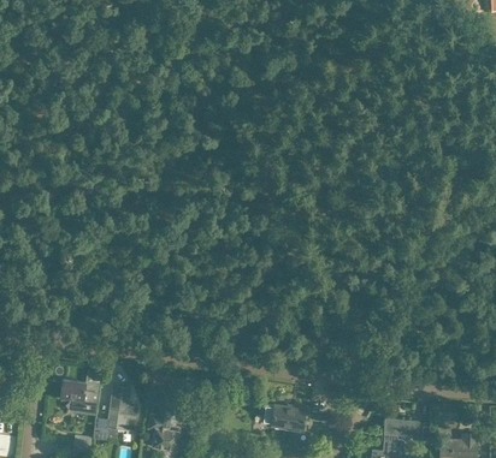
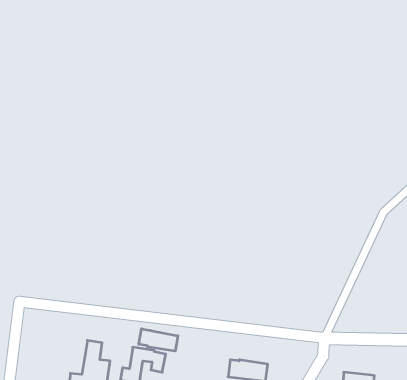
building: none -> [139,329,178,351]
building: [60,380,99,416] -> none

